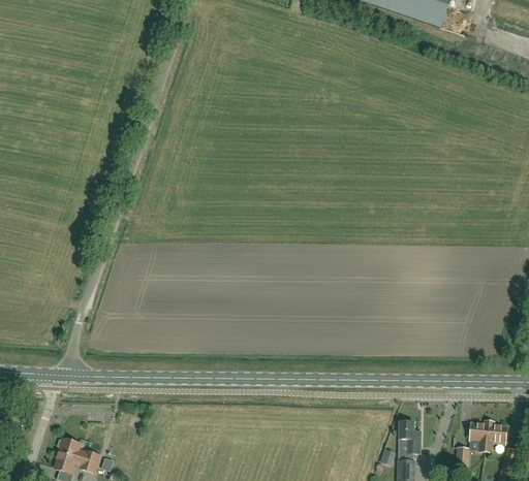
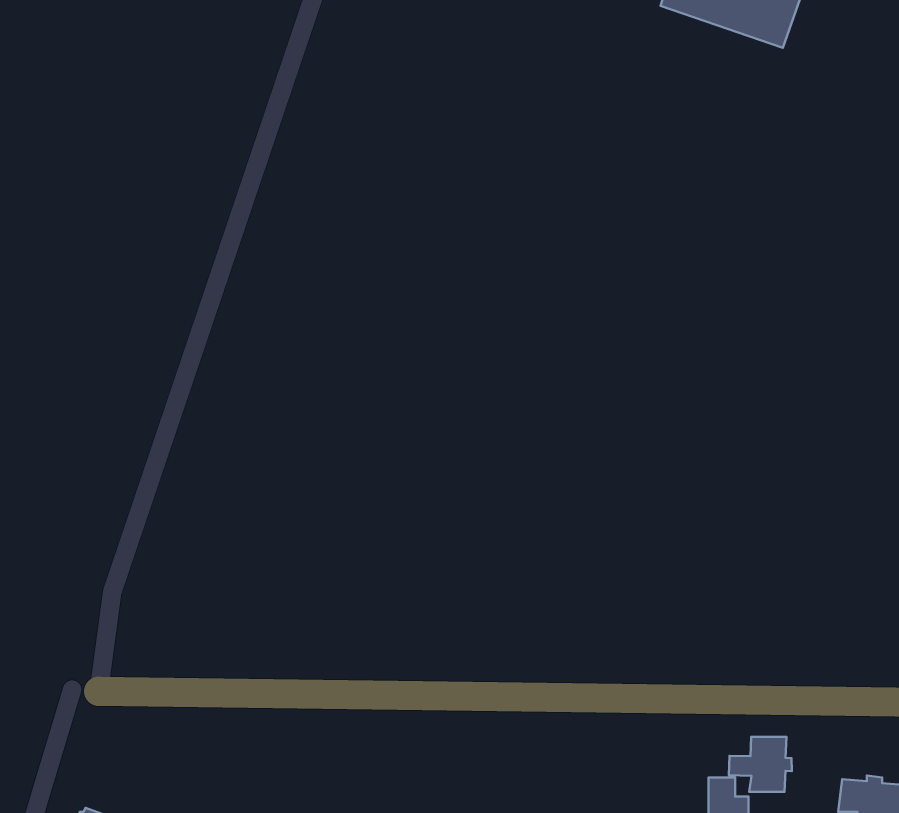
building: none -> [729,737,792,792]

